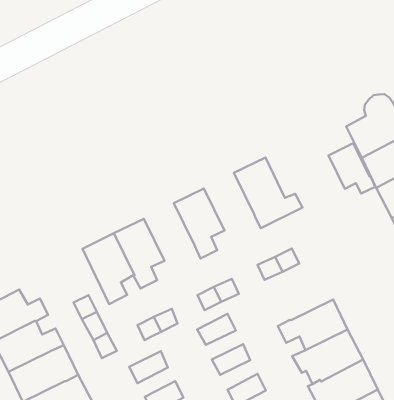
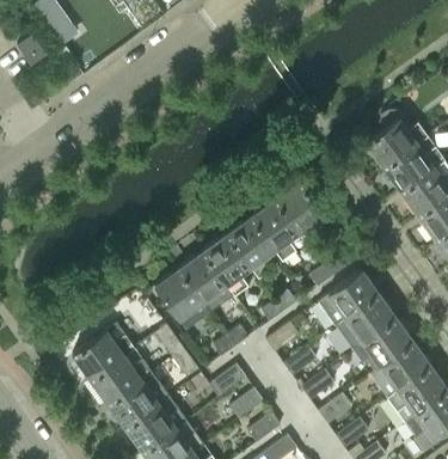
building: [329,143,375,193] -> none
building: none -> [251,198,299,261]
building: none -> [203,233,251,294]
building: none -> [317,269,379,318]

